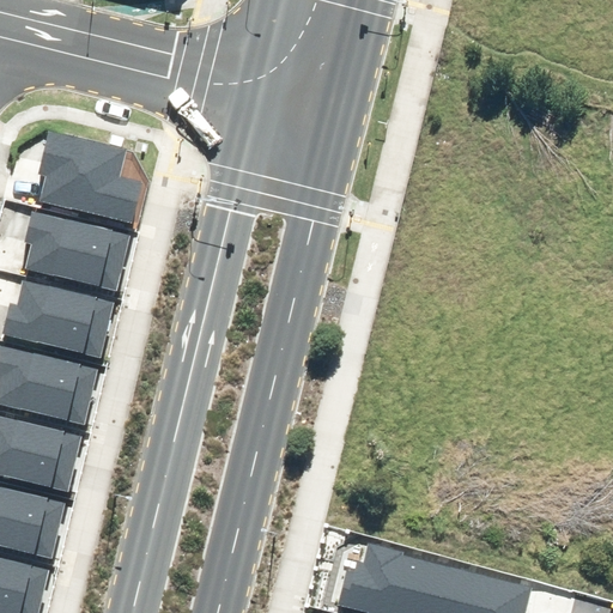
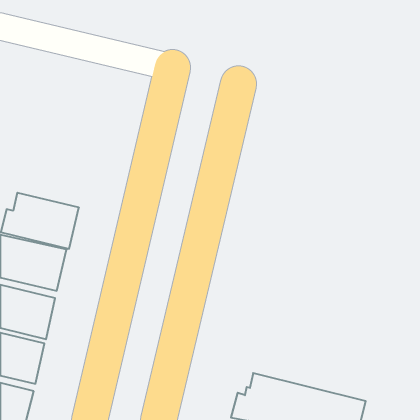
building: [37,131,141,224] -> none
building: [24,210,131,292] -> none

